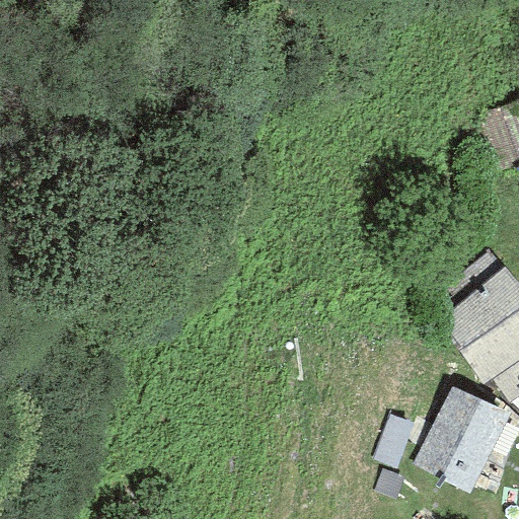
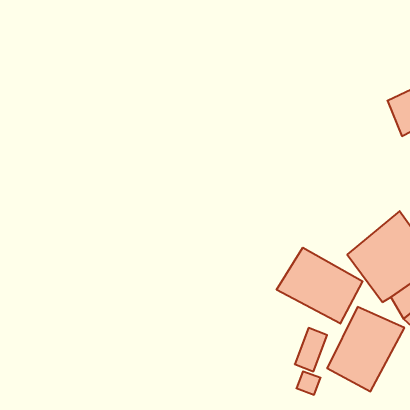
building: none -> [277,248,363,324]

